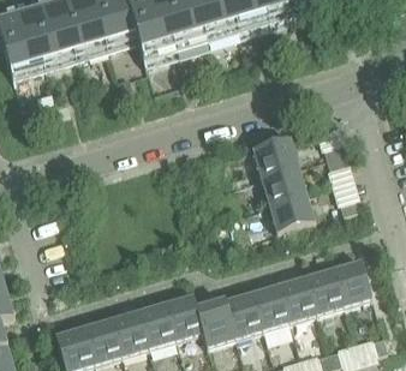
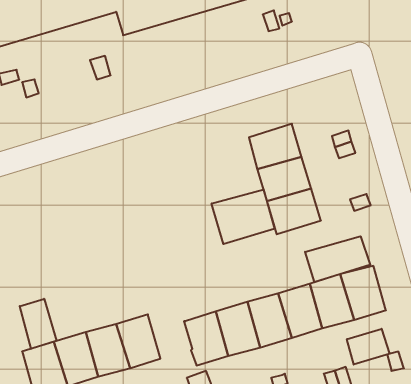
building: none -> [212,189,274,244]
building: none -> [305,236,370,282]
building: none -> [20,299,56,349]
building: [163,293,202,340] -> none
building: none -> [347,329,390,365]

